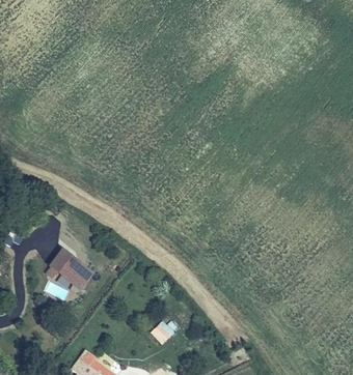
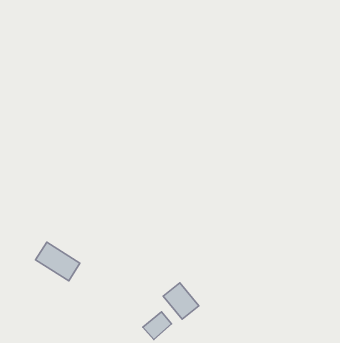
building: none -> [163,283,199,319]

